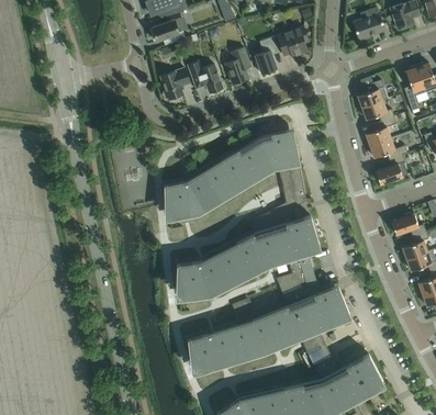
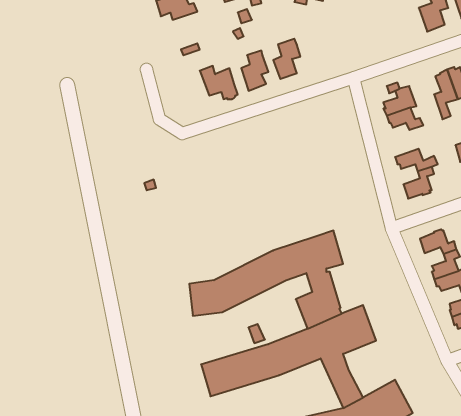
building: [351,9,385,41] -> none
building: [150,21,186,46] -> none
building: [277,27,308,56] -> none
building: [160,69,190,100] -> none
building: [366,117,396,147] -> none
building: [164,128,306,234] -> none

